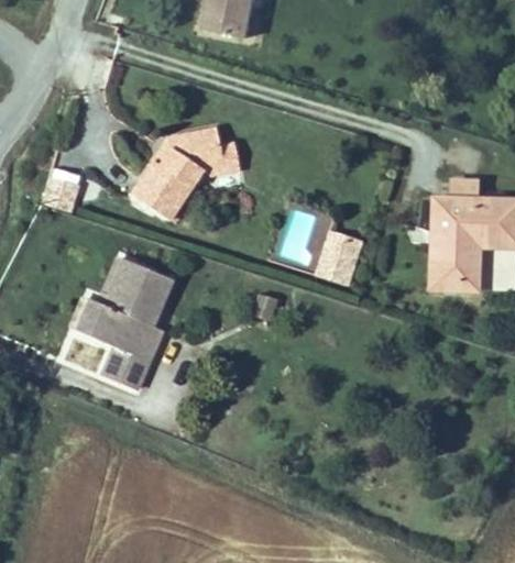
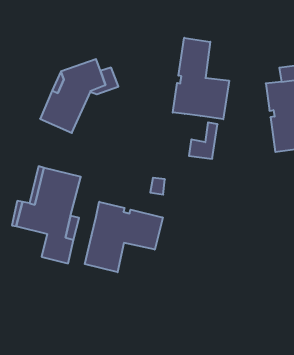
building: none -> [173,38,229,119]
building: none -> [85,202,163,272]

